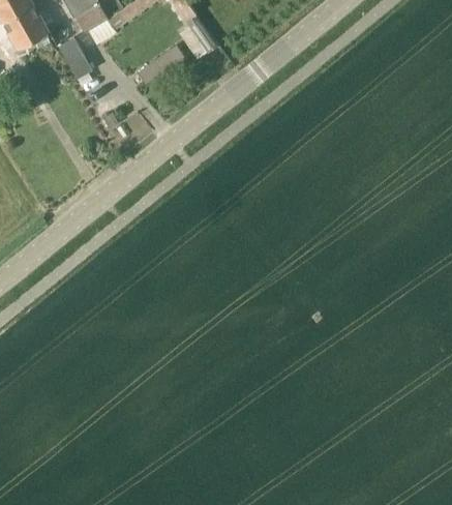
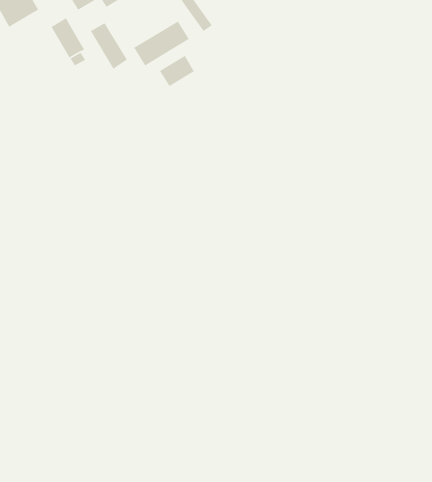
building: none -> [90,22,128,70]
building: none -> [159,55,195,87]

